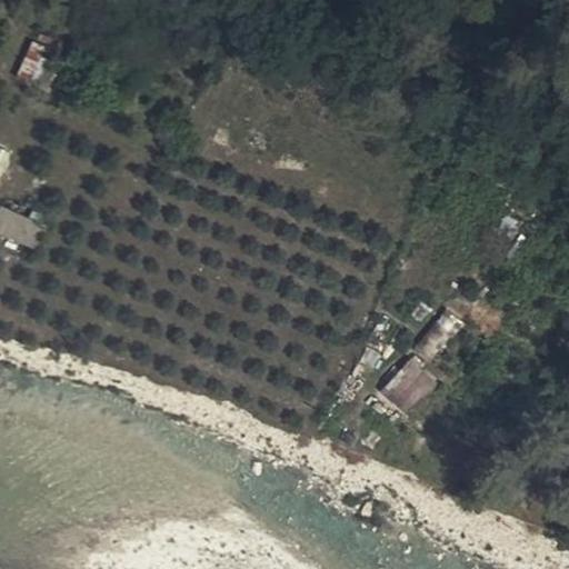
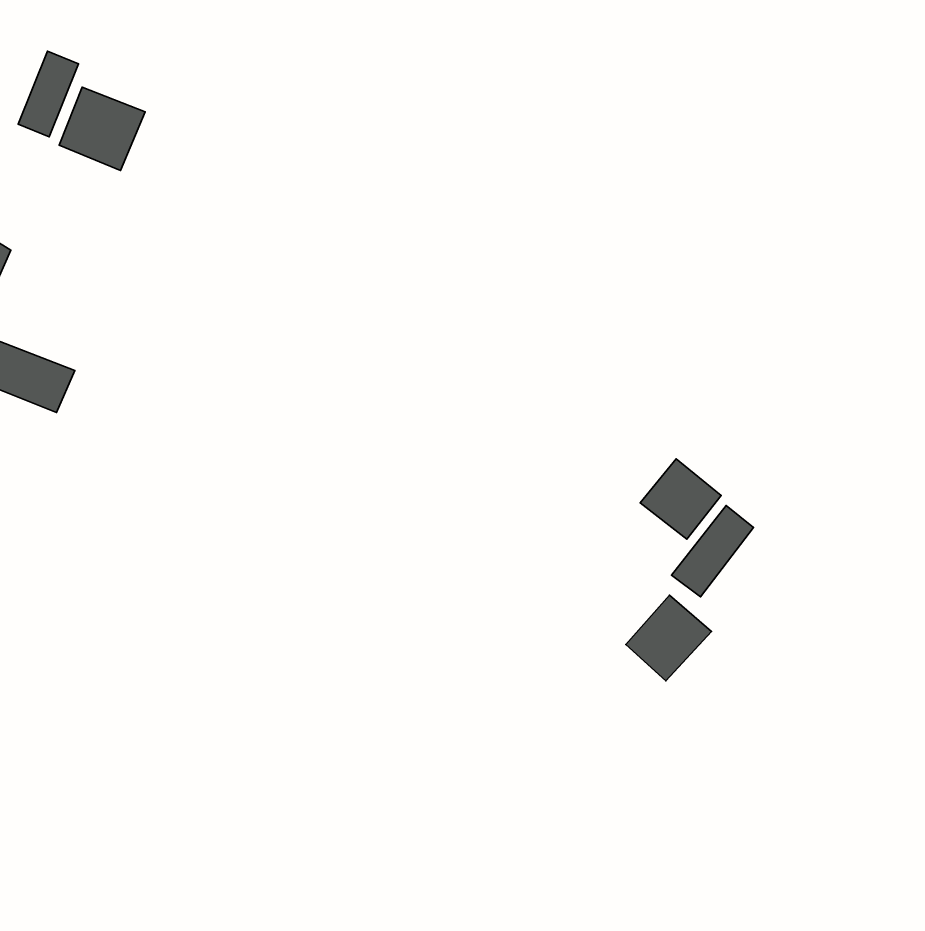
building: none -> [59,87,145,170]
building: none -> [640,459,721,539]

